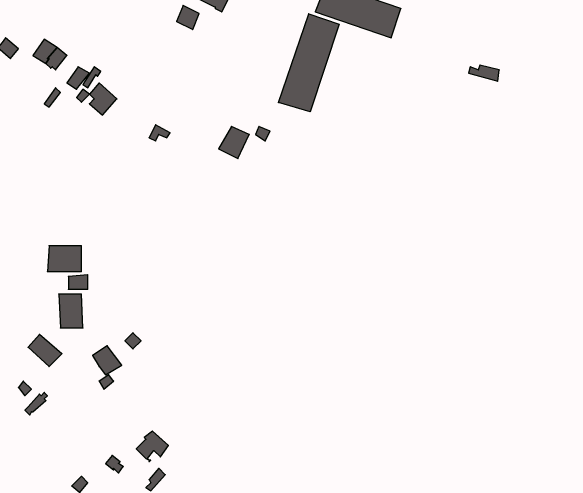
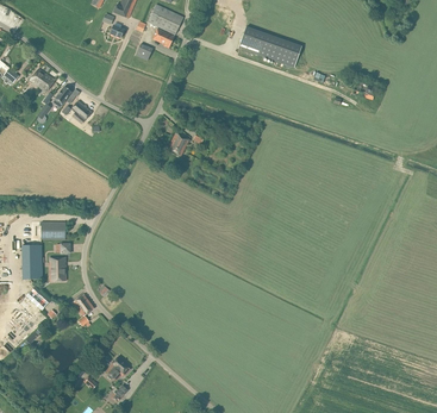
building: [278,14,339,112] -> none
building: none -> [23,244,43,279]

